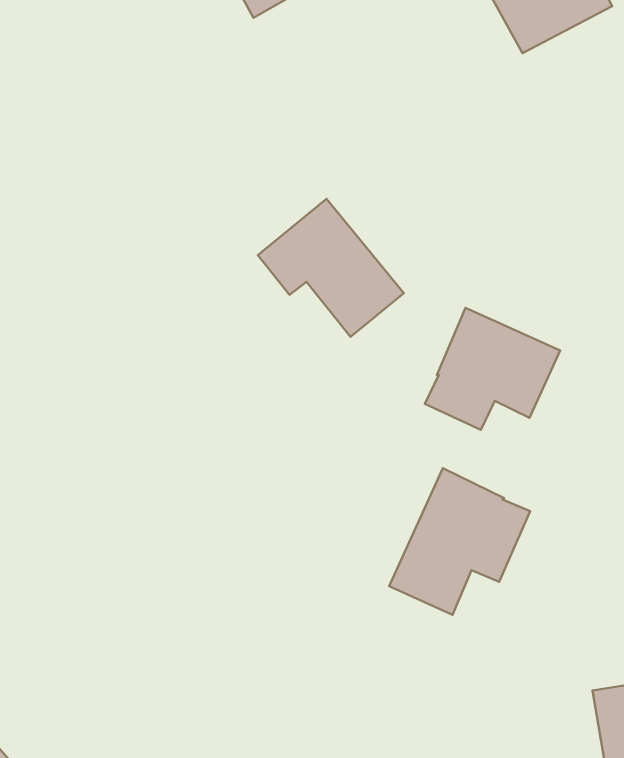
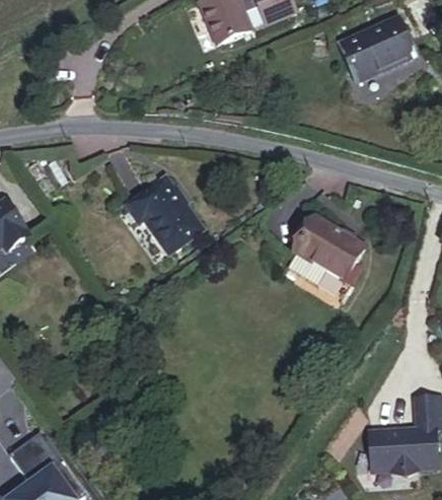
building: [258,199,404,337] -> [114,165,192,242]
building: [389,468,530,615] -> none

